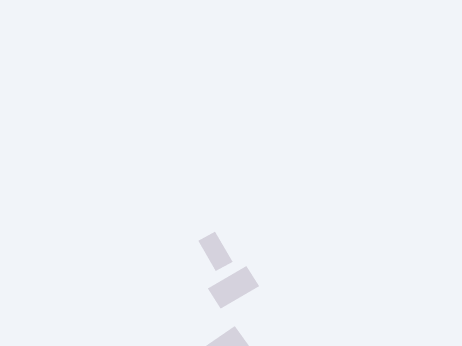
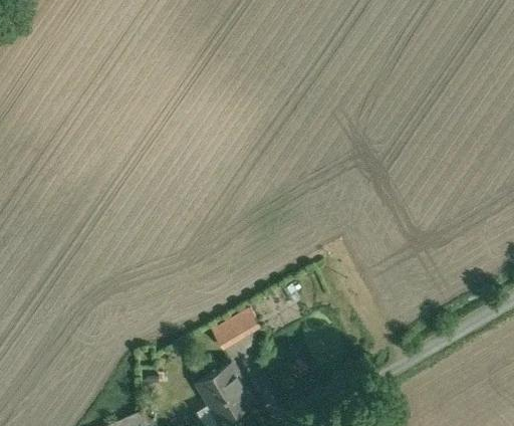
building: [197,231,233,272] -> none

